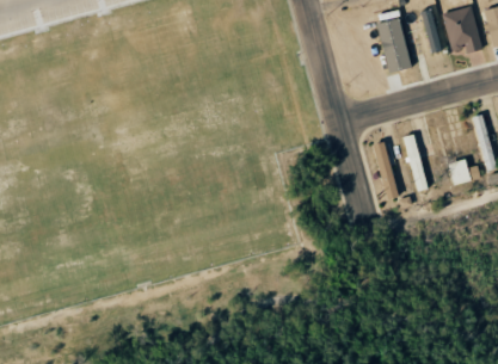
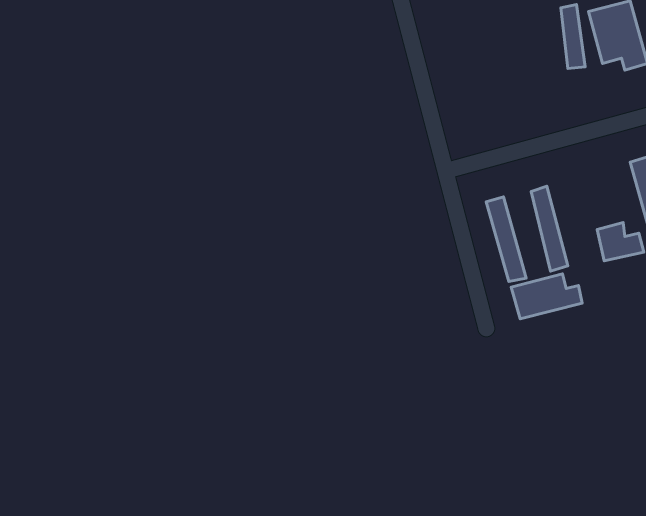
building: [375,18,412,73] -> none
building: none -> [511,274,582,319]

